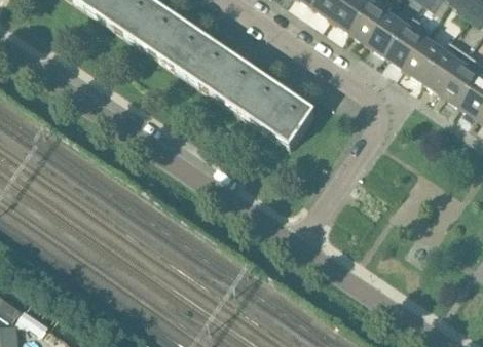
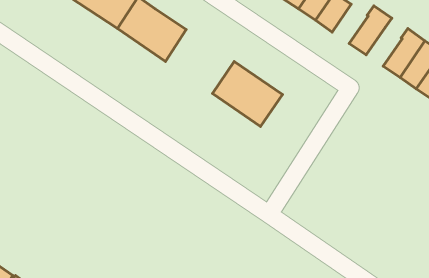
building: [369,13,408,56] -> none
building: [406,39,445,81] -> none
building: [187,41,262,111] -> none

